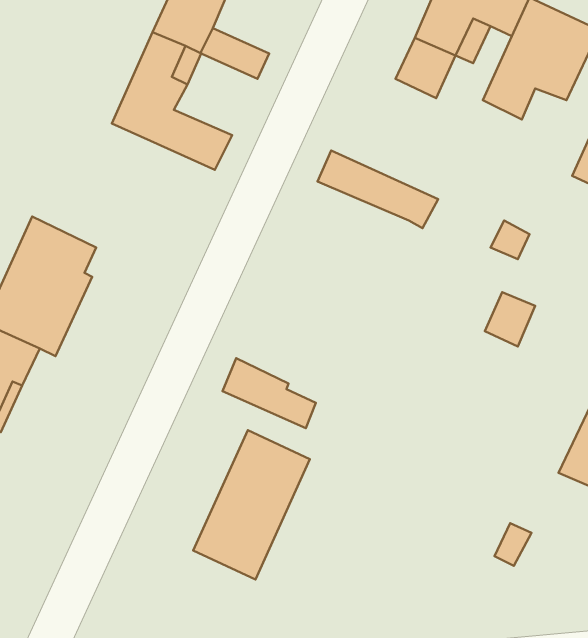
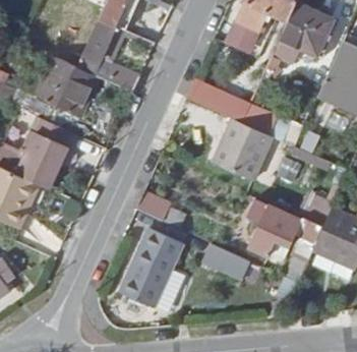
building: none -> [33,55,98,115]
building: none -> [213,118,272,179]
building: none -> [244,195,322,272]
building: none -> [201,241,251,279]

